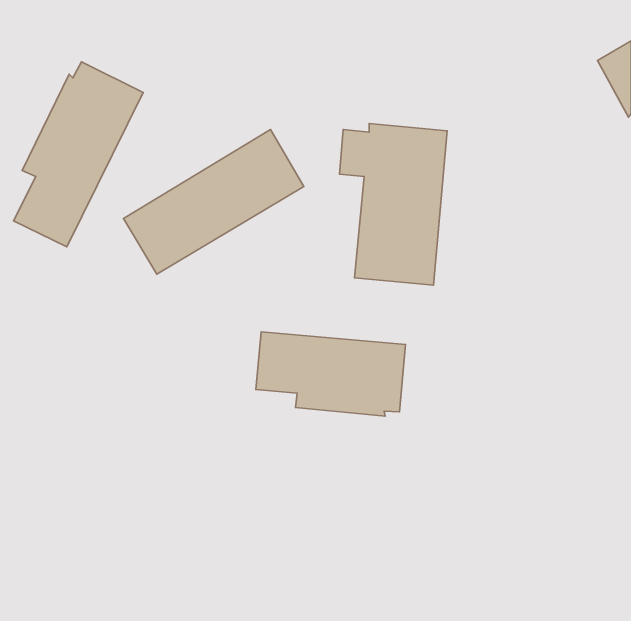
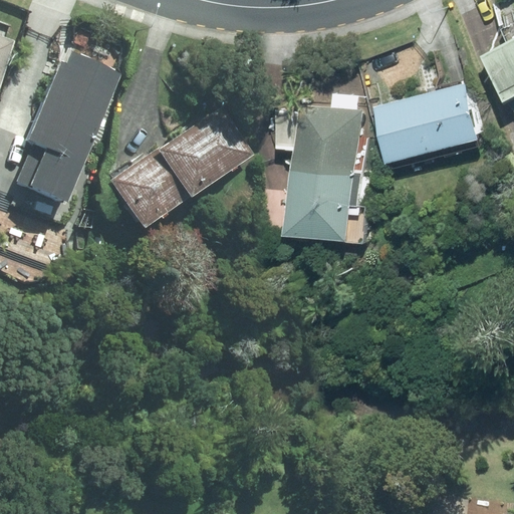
building: none -> [375,84,484,162]
building: [256,332,405,416] -> none

